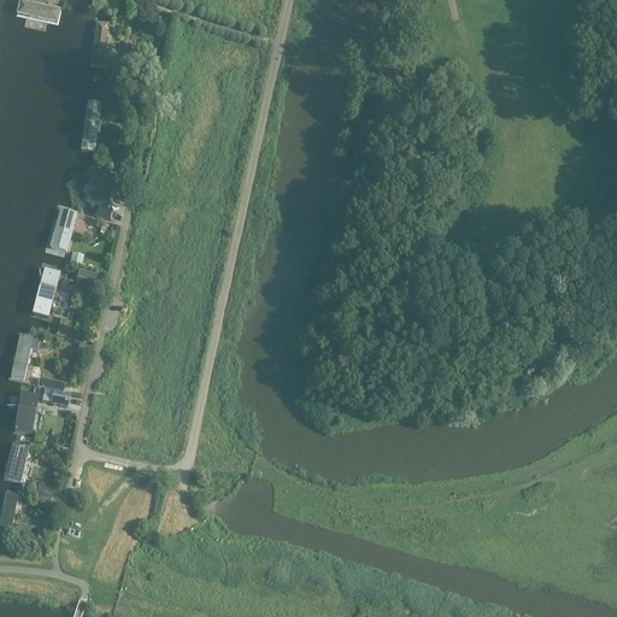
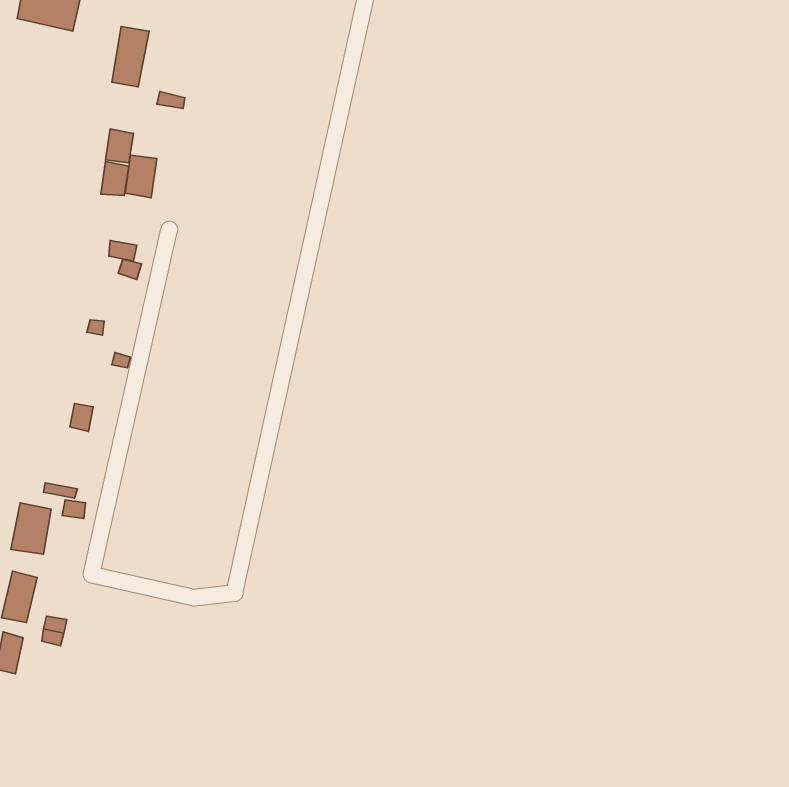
building: none -> [125,155,157,198]
building: [42,201,77,254] -> none
building: [33,269,65,321] -> none
building: [8,334,34,380] -> none

